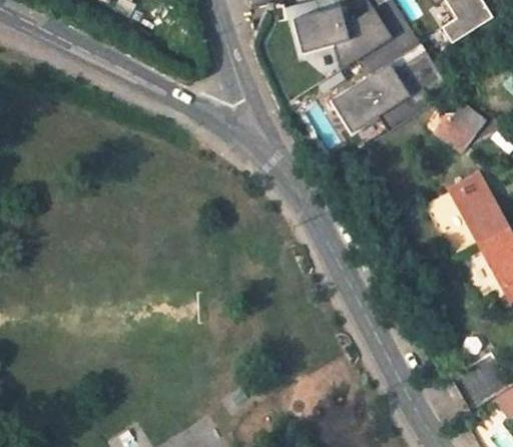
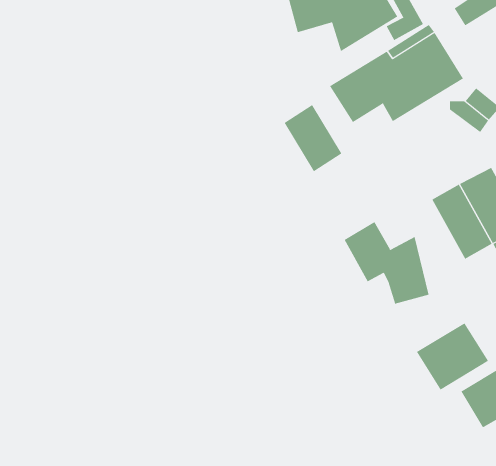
building: none -> [284,104,342,172]
building: none -> [344,221,429,304]
building: none -> [416,323,489,390]

